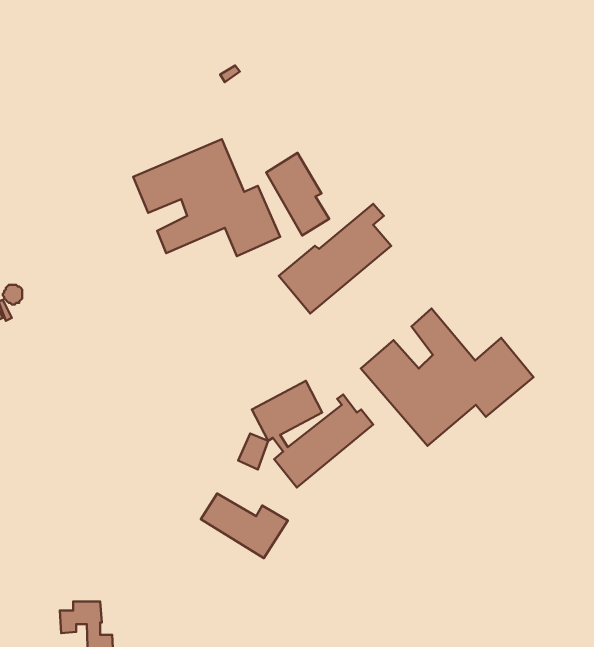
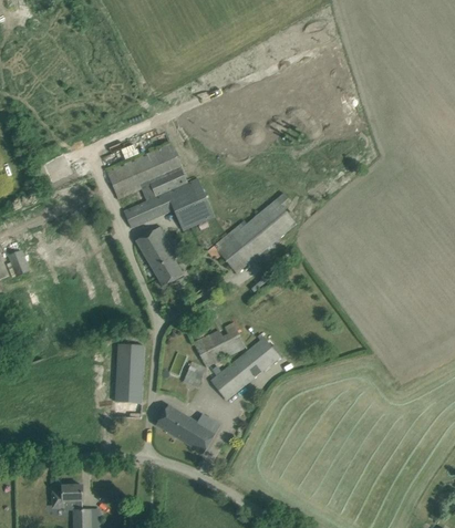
building: [266,153,329,235] -> [136,226,183,287]
building: [361,309,533,446] -> none
building: none -> [114,343,145,418]

